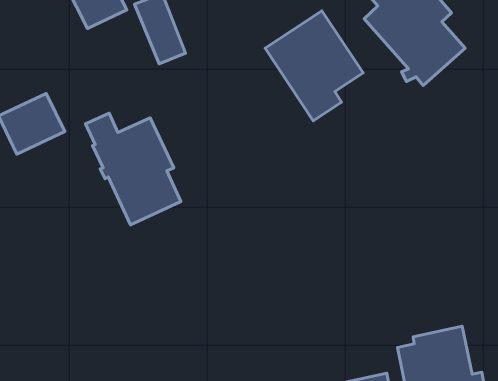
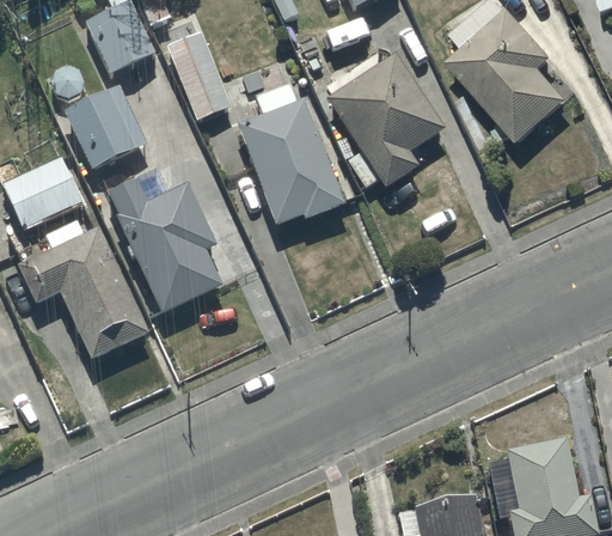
building: none -> [63,84,146,169]
building: none -> [238,98,343,224]
building: none -> [16,219,151,360]

